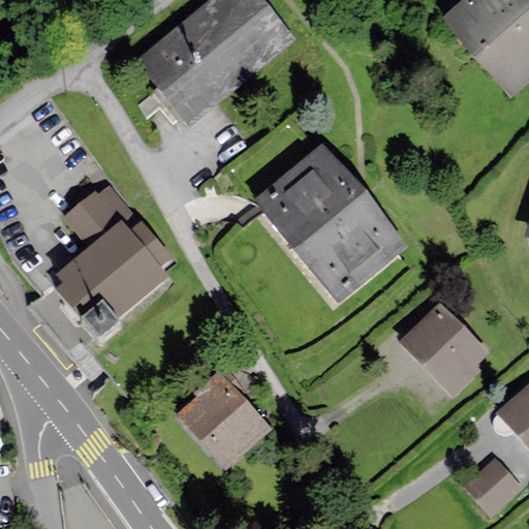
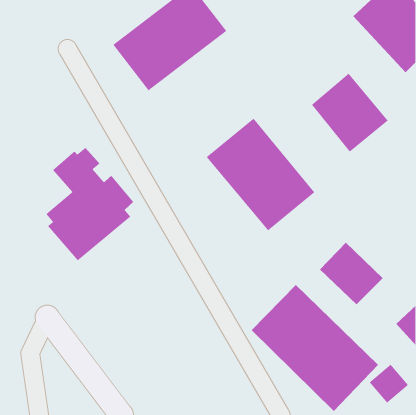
building: none -> [311,73,388,153]
building: none -> [251,284,379,412]
building: [179,374,268,465] -> none

